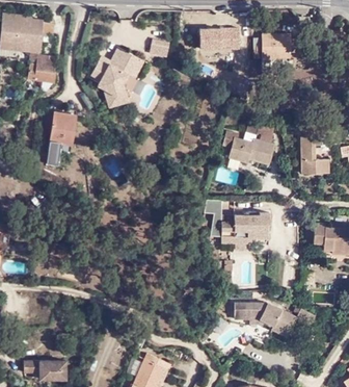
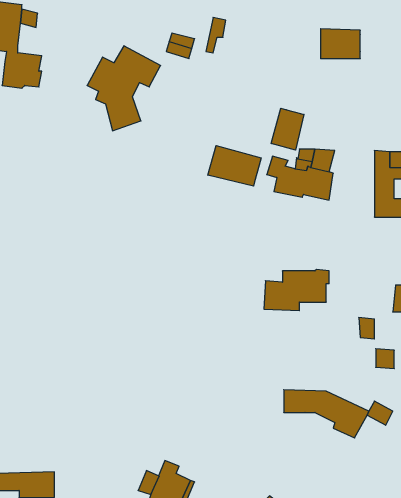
building: [210,35,241,57] -> none
building: none -> [271,108,304,150]
building: [48,114,76,166] -> none
building: none -> [208,146,261,186]

